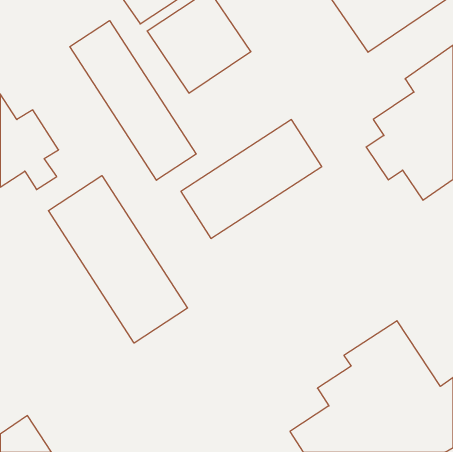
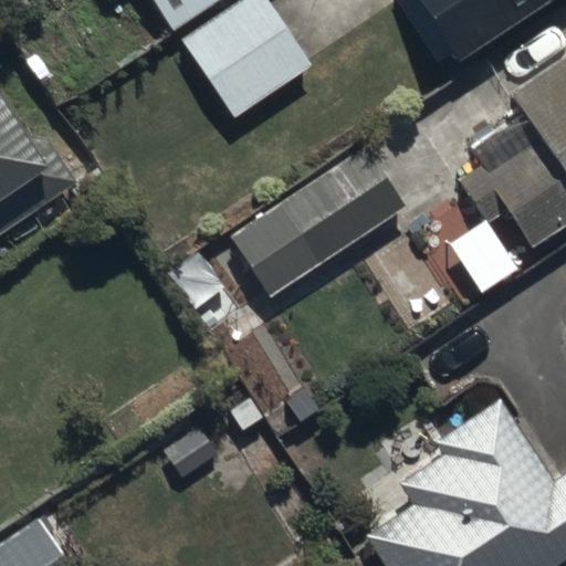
building: [70,21,196,180] -> none
building: [48,176,188,343] -> none

